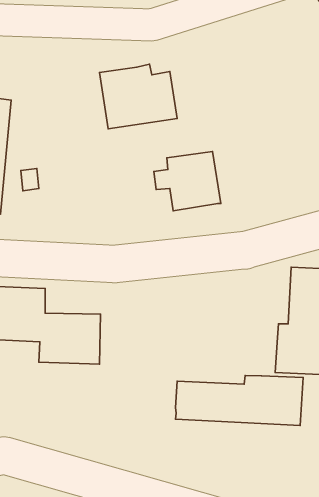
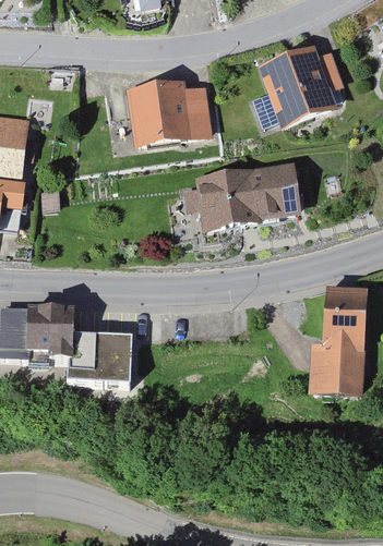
building: none -> [251,45,340,126]
building: none -> [244,161,301,221]
building: [175,375,303,425] -> none

